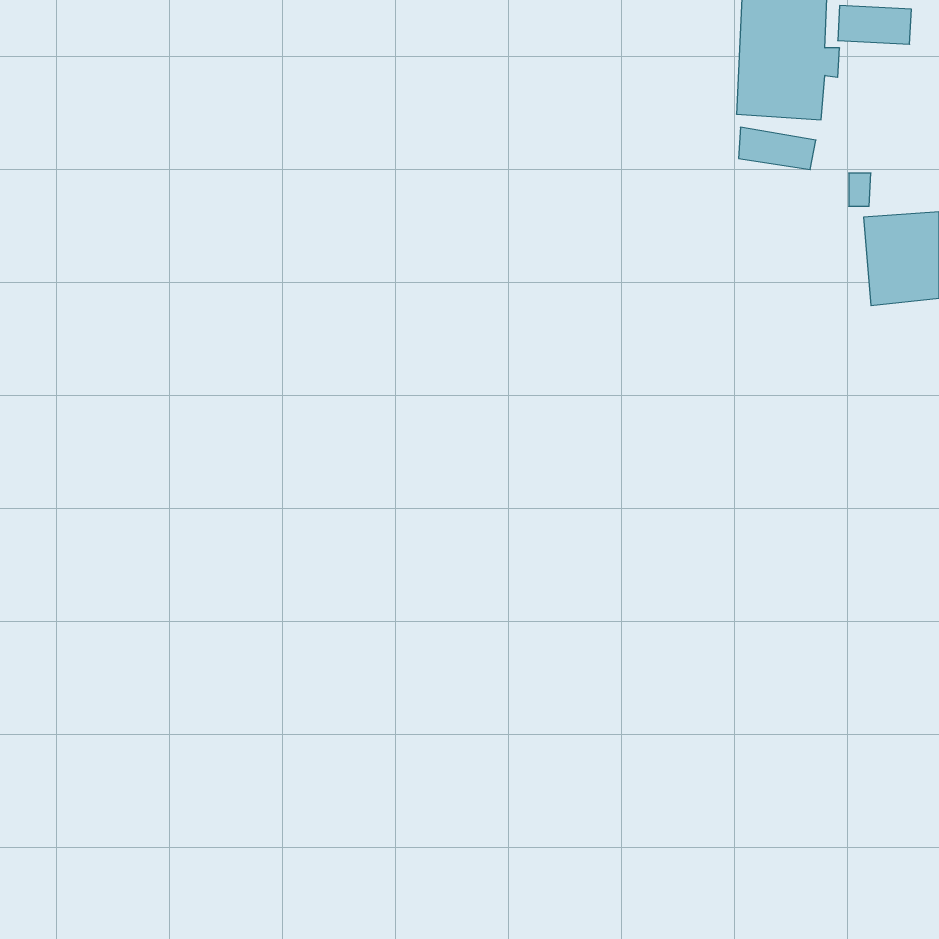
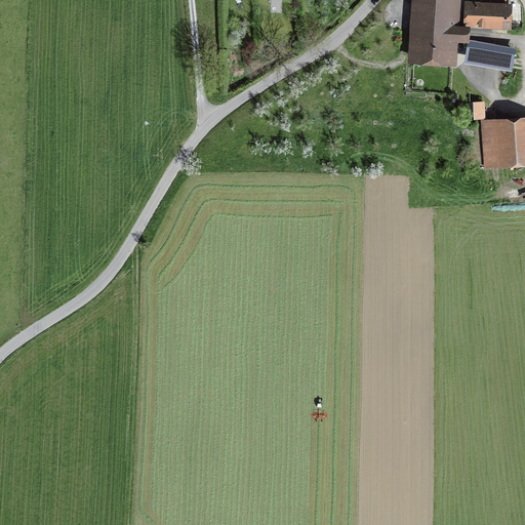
building: [739,127,816,170] -> [468,40,511,64]

